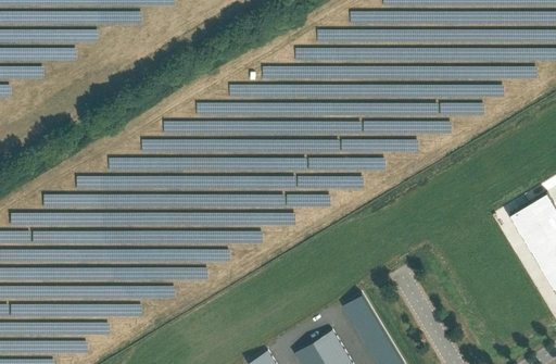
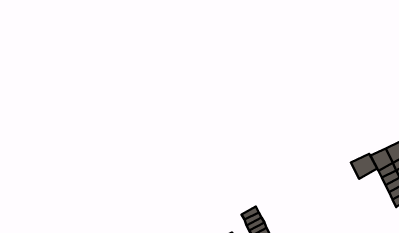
building: none -> [351,154,377,179]

